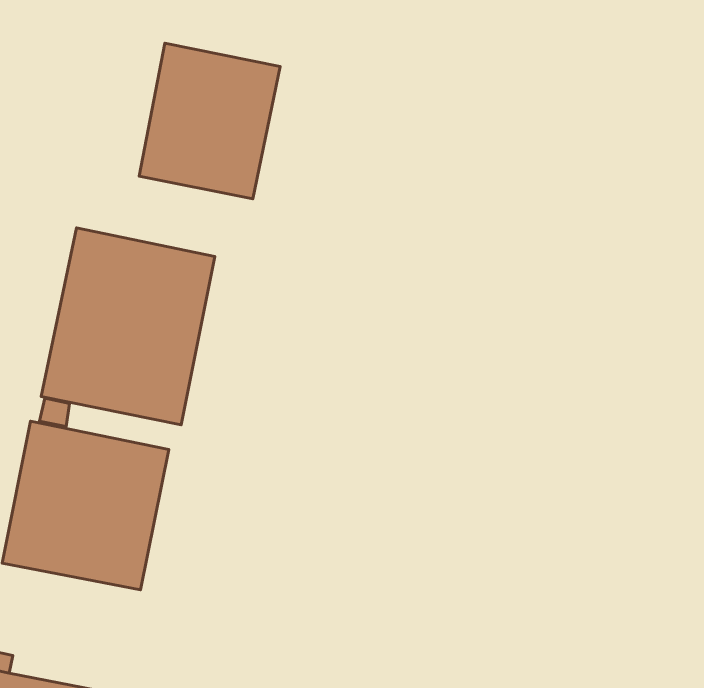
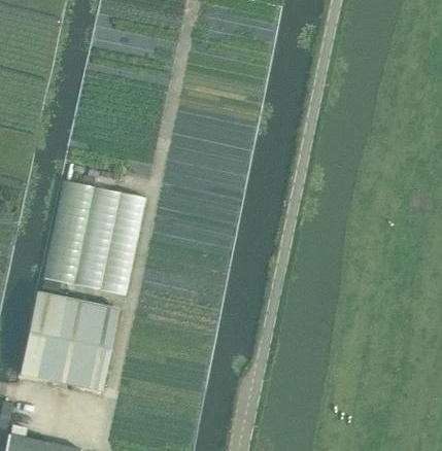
building: [139,43,280,199] -> none

